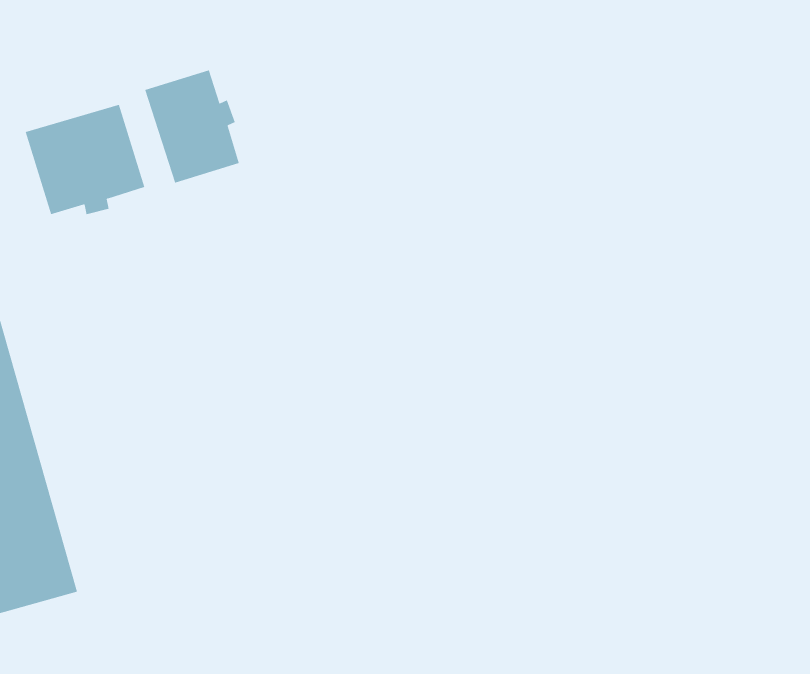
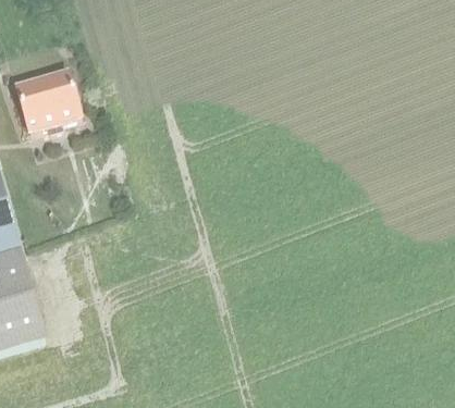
building: [145,70,240,183] -> none

